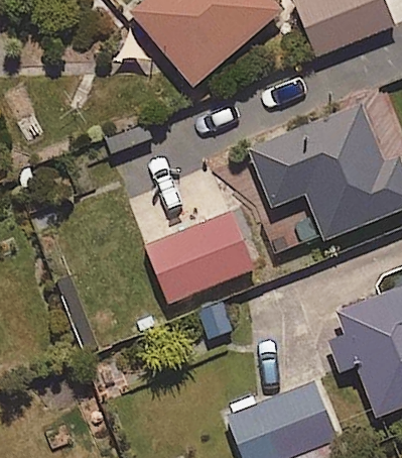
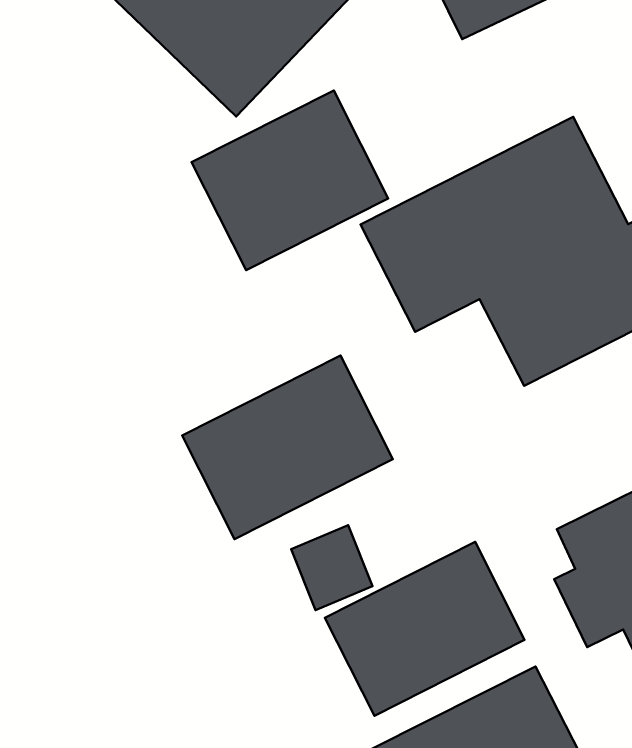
building: none -> [192,91,388,270]
building: none -> [325,542,525,716]

